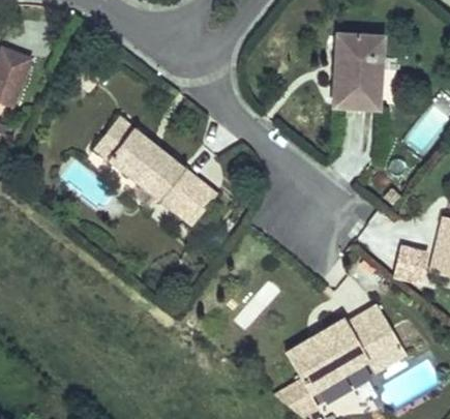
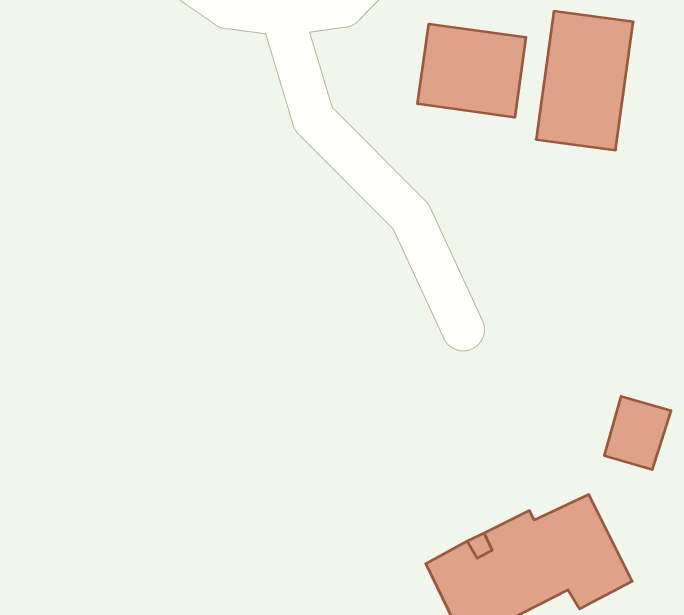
building: none -> [418,24,526,117]
building: [90,118,214,230] -> none

